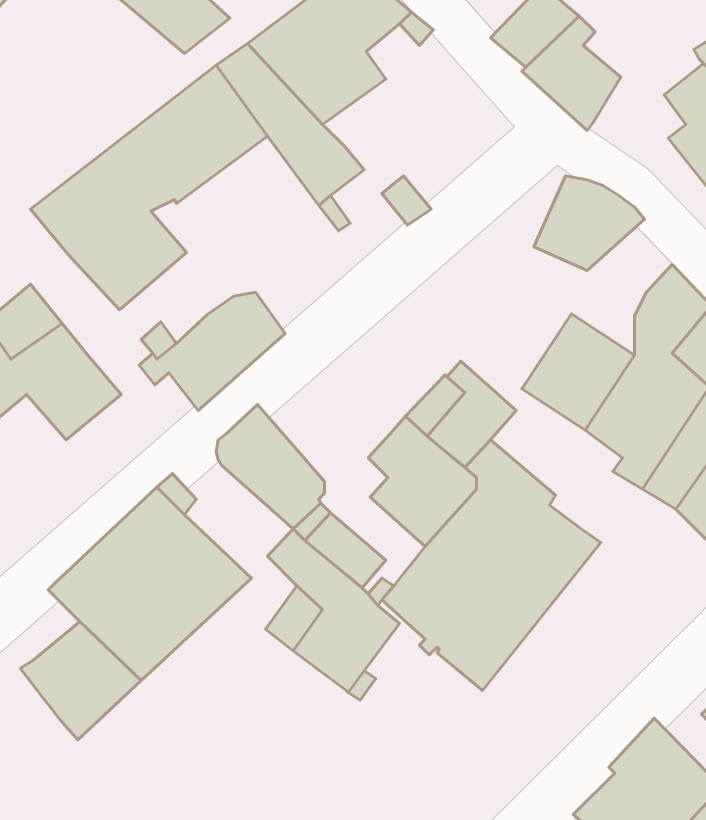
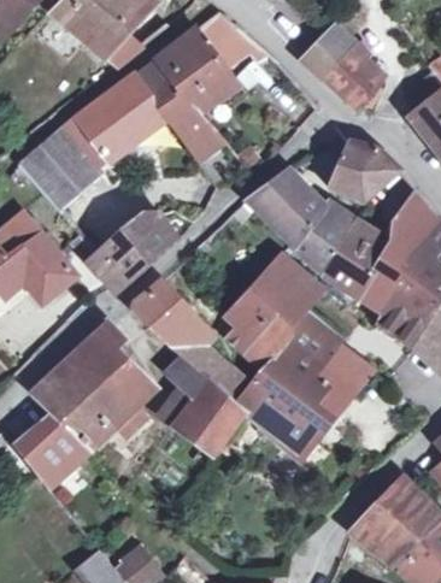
building: none -> [248,173,352,271]

